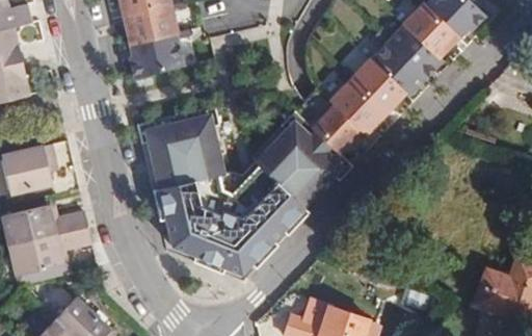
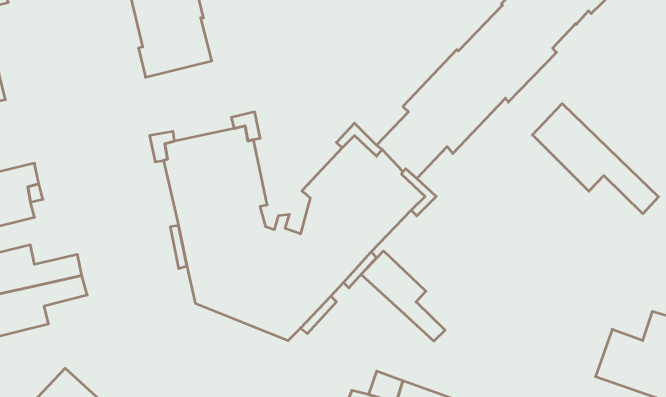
building: none -> [532,104,659,214]
building: none -> [361,251,445,341]

